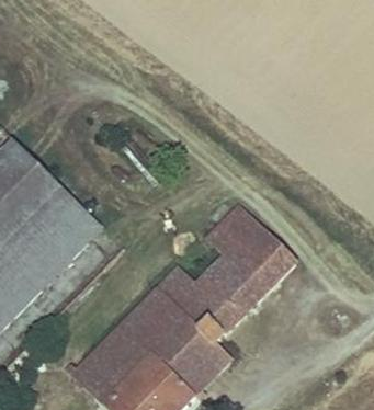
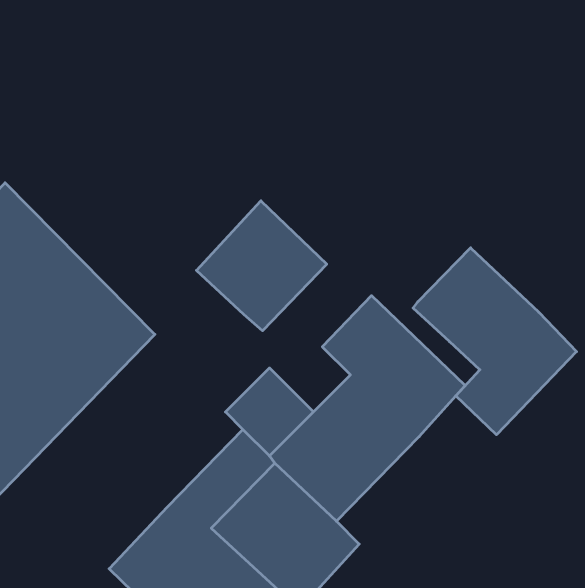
building: none -> [196,201,327,331]
building: none -> [413,248,577,435]

